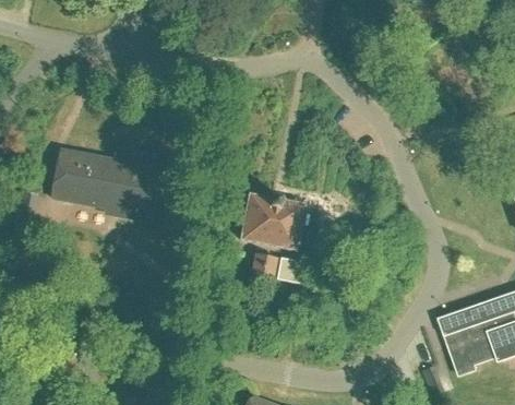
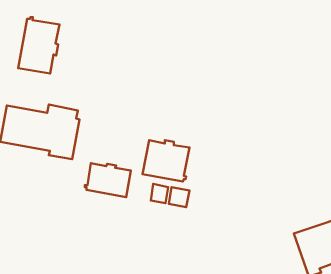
building: none -> [18,17,59,74]
building: none -> [85,163,131,197]

